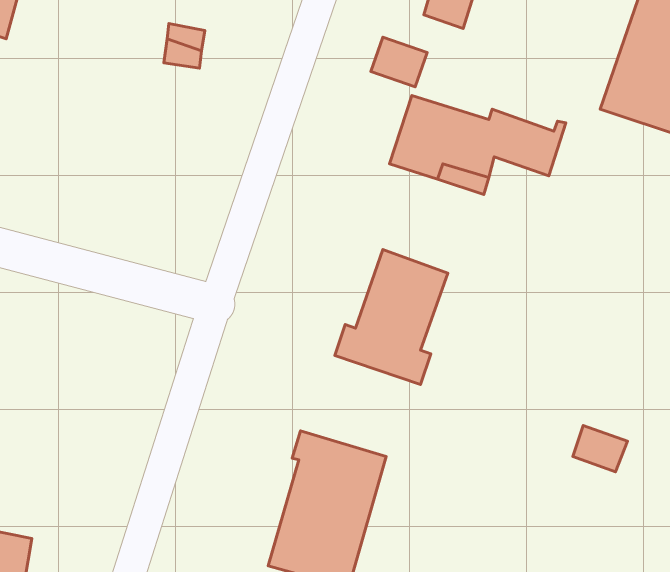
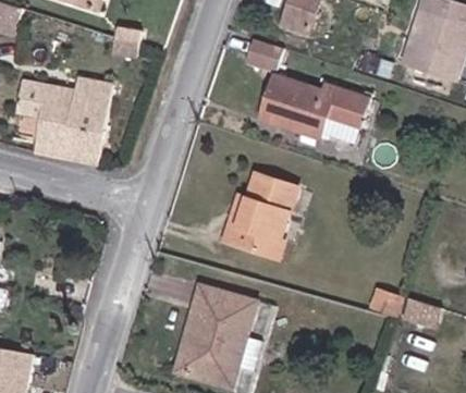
building: none -> [16,76,111,164]

